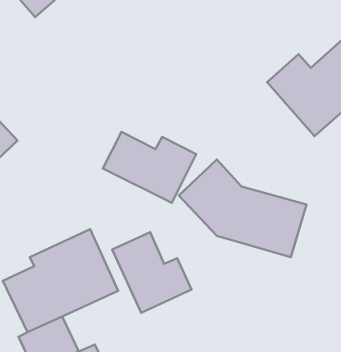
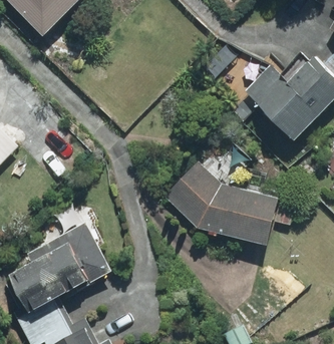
building: [103,132,196,203] -> none
building: [112,232,191,313] -> none

